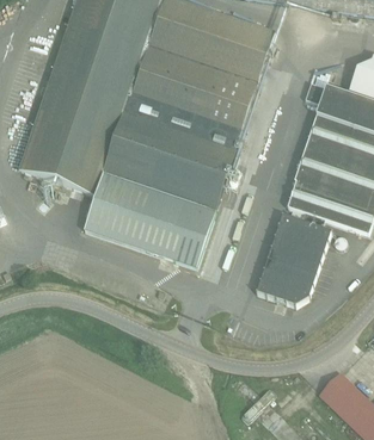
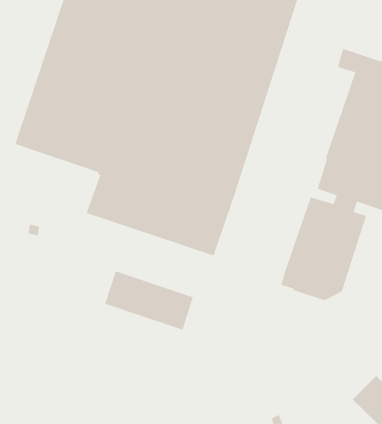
building: none -> [105,271,194,330]

